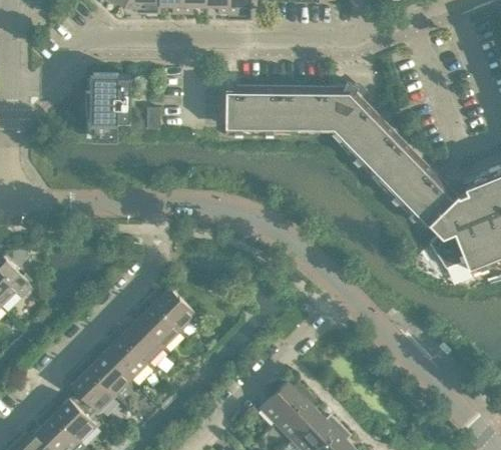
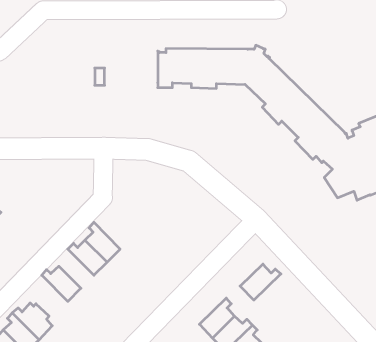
building: [85,72,129,140] -> none
building: [146,288,195,332] -> none
building: [103,332,146,380] -> none
building: [70,364,114,414] -> none
building: [259,380,309,424] -> [240,264,281,300]

